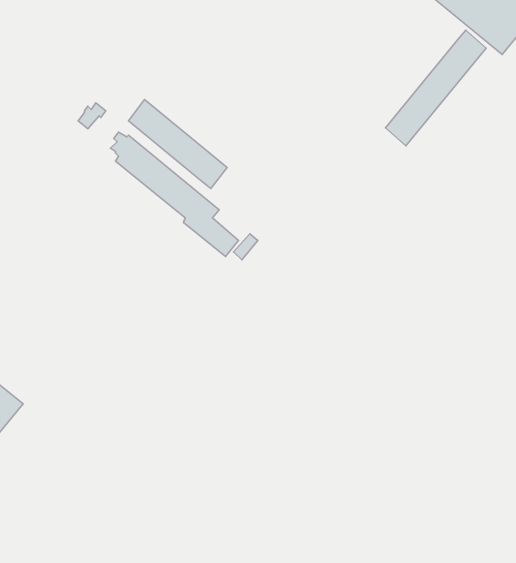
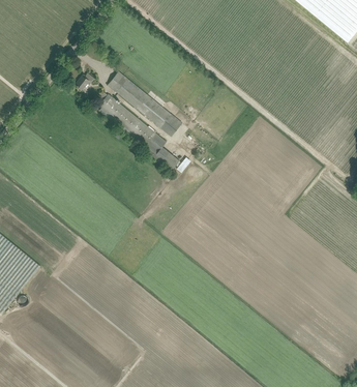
building: [385,30,486,146] -> none

